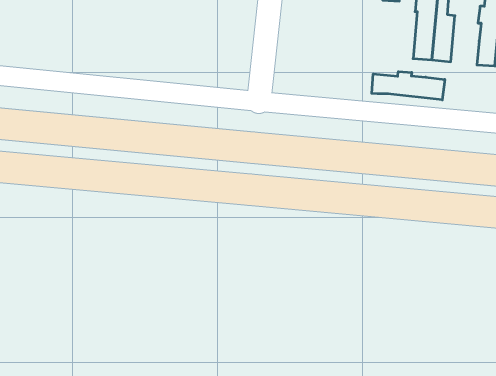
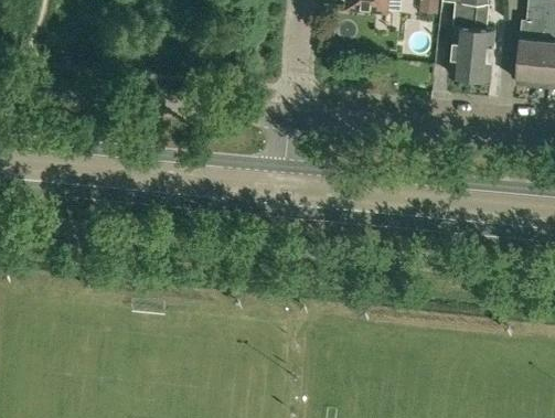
building: [372,72,445,100] -> none

